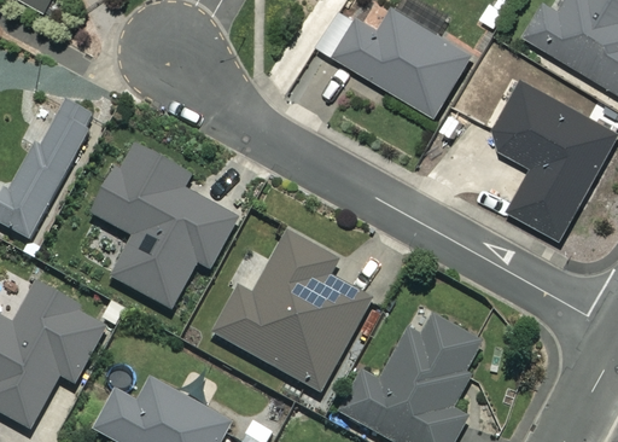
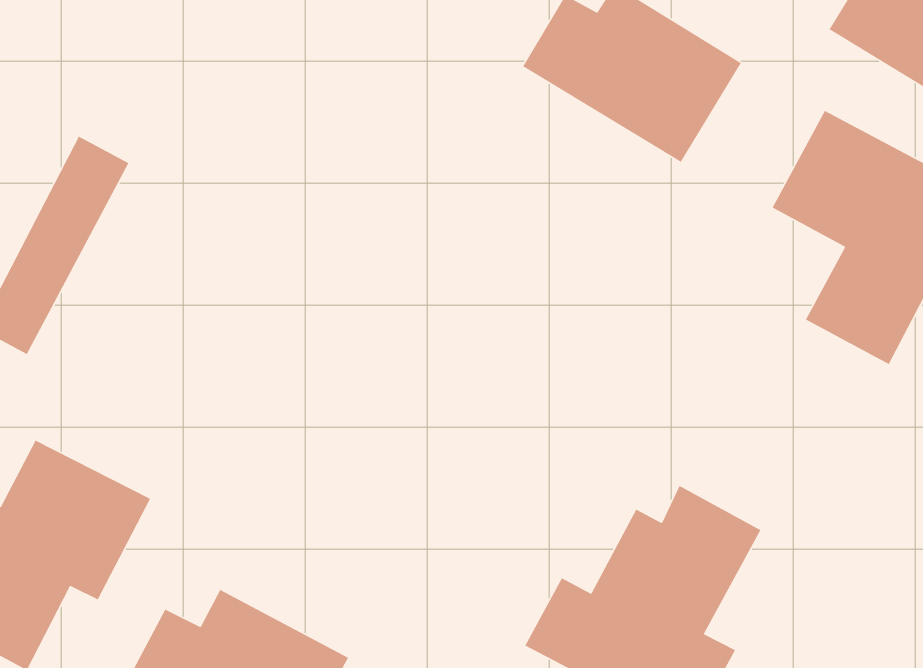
building: [89,144,234,309] -> none
building: [214,235,369,390] -> none

